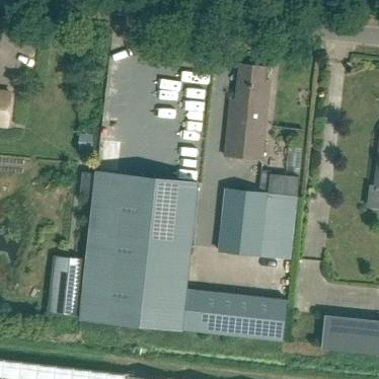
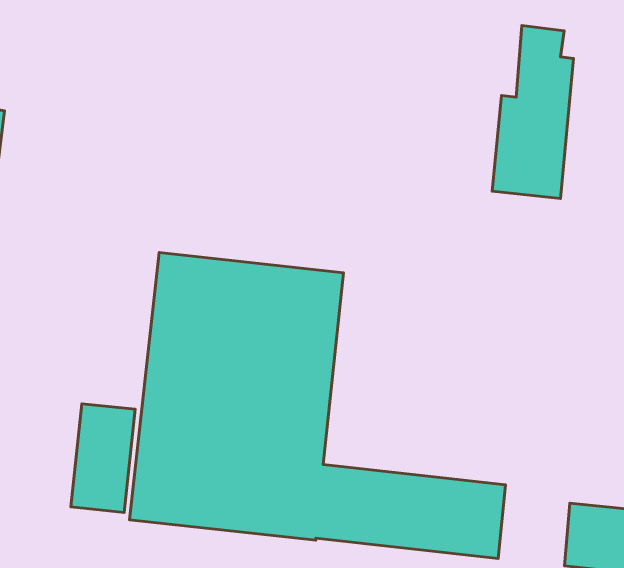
building: [225,65,270,160] -> [492,25,573,199]
building: [219,184,298,258] -> none

